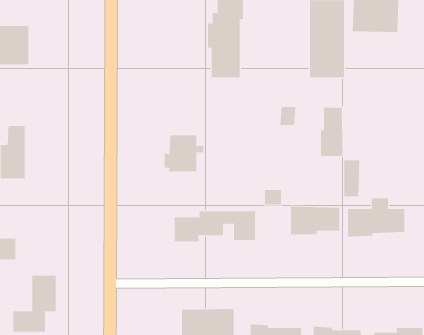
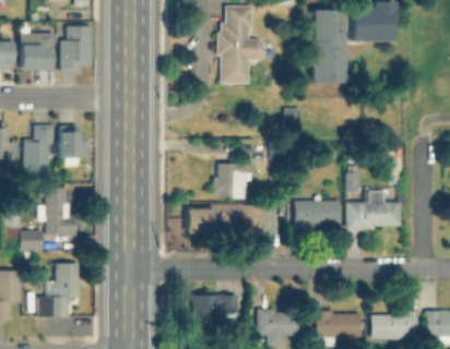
building: none -> [61,28,92,72]
building: [321,107,343,157] -> none
building: none -> [62,127,87,166]
building: [164,135,204,172] -> [214,163,251,196]
building: none -> [39,186,78,234]

